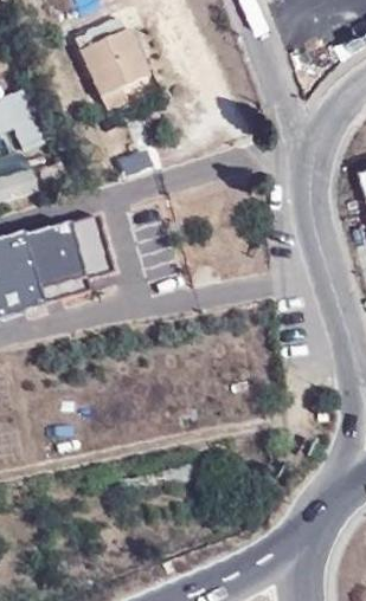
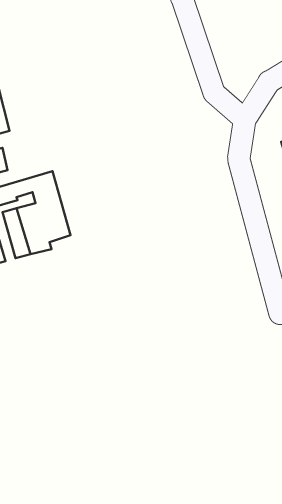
building: [75,34,146,99] -> none

